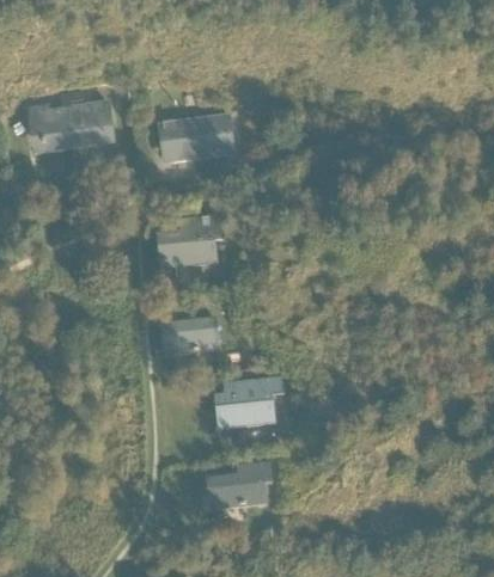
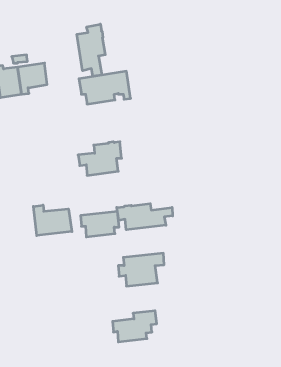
building: none -> [77,24,105,76]
building: none -> [117,204,173,230]
building: none -> [33,205,72,236]

